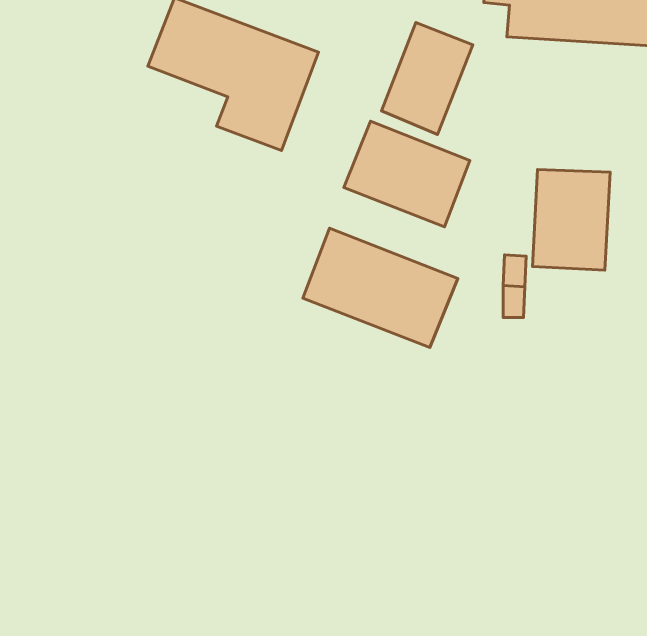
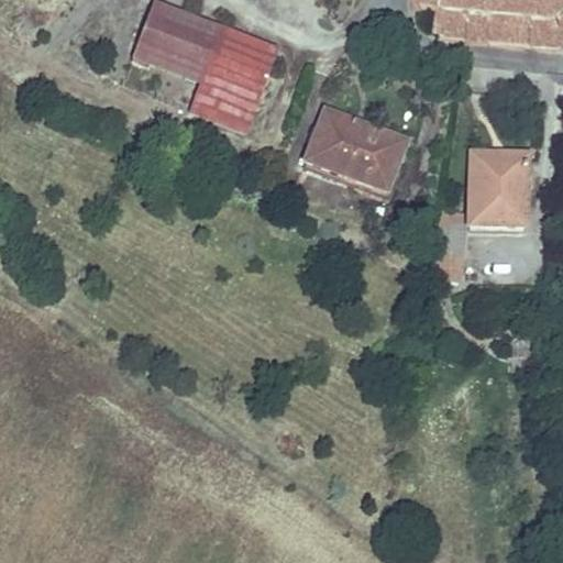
building: [381,23,473,134] -> none
building: [303,228,458,348] -> none

